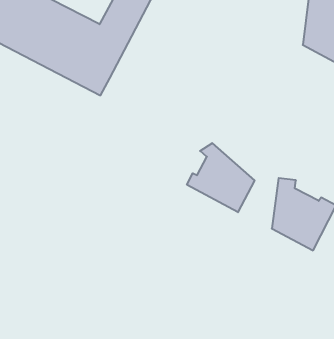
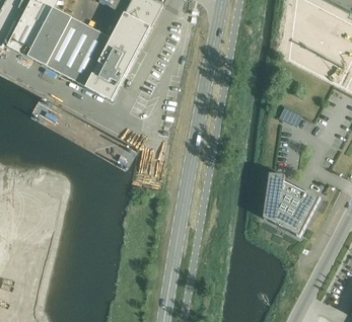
building: [187,143,255,212] -> none

